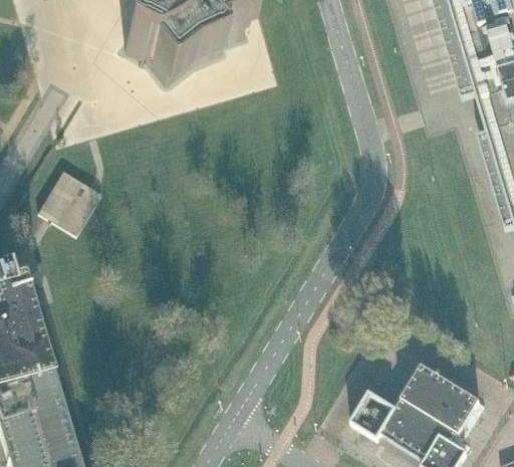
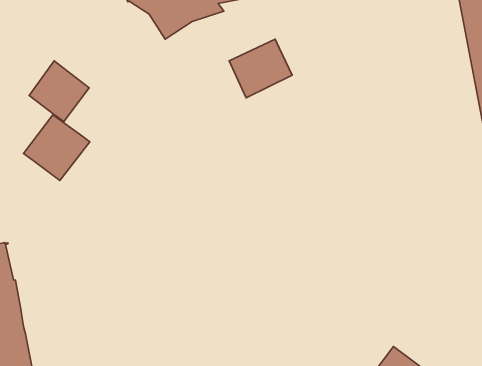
building: none -> [229,39,292,98]
building: none -> [29,61,89,122]

